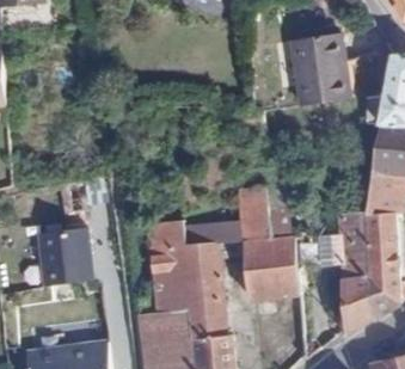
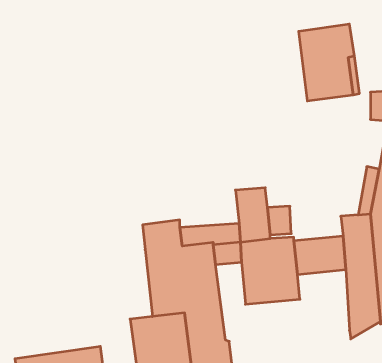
building: [36,226,91,284] -> none

